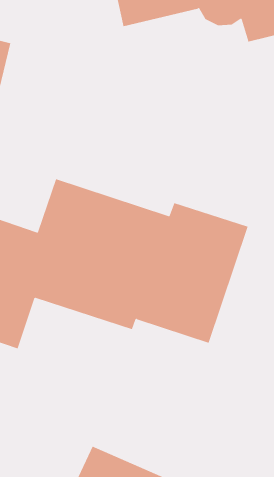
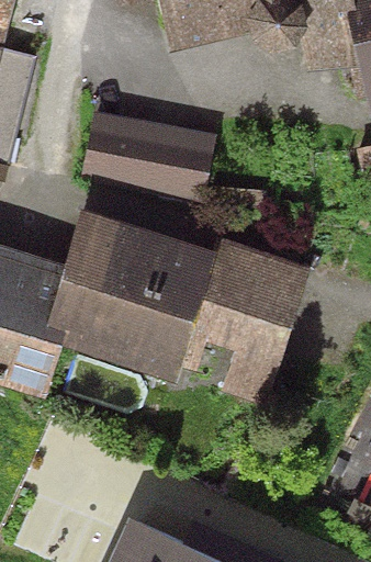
building: none -> [76,111,212,201]

